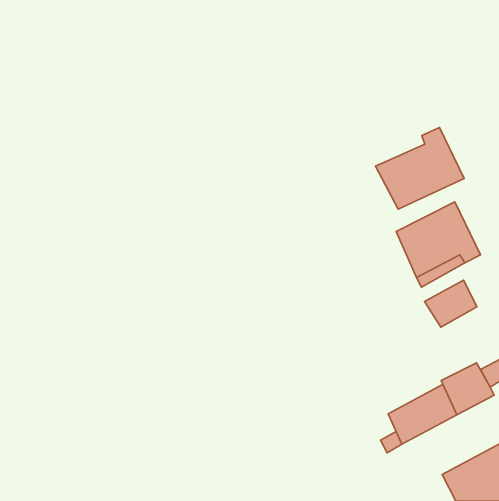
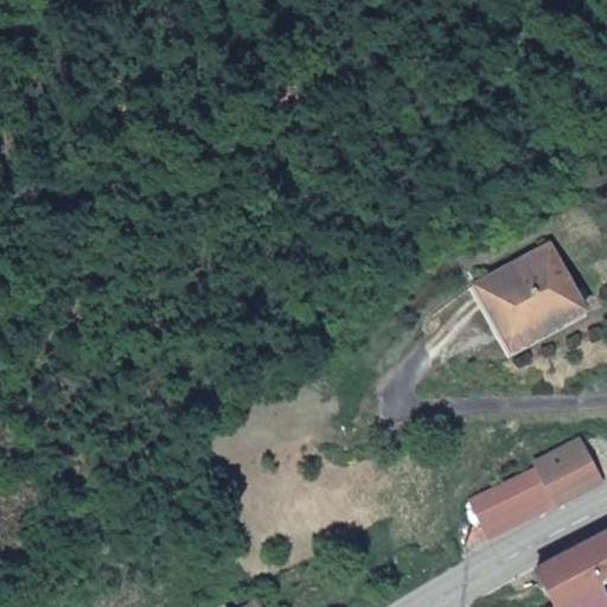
building: [376,127,464,209] -> none
building: [425,280,477,327] -> none

